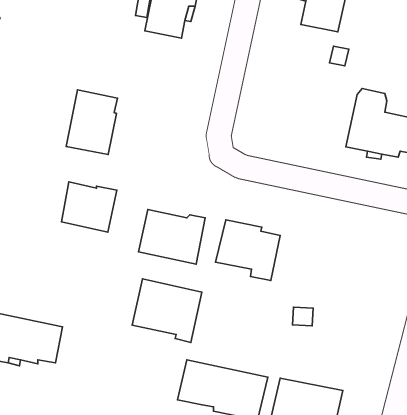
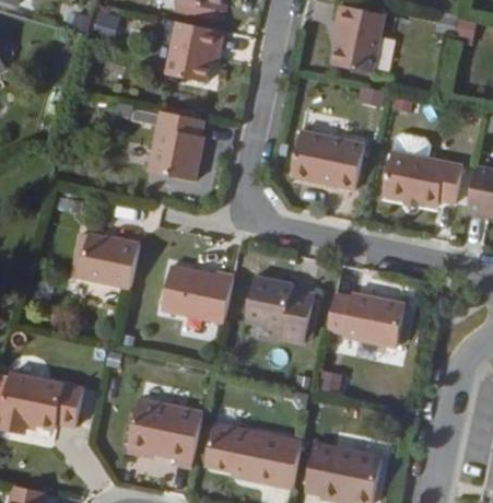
building: none -> [292,132,366,191]
building: [66,90,117,155] -> [149,113,203,182]
building: none -> [325,291,403,346]
building: [132,279,202,343] -> [126,399,200,467]

